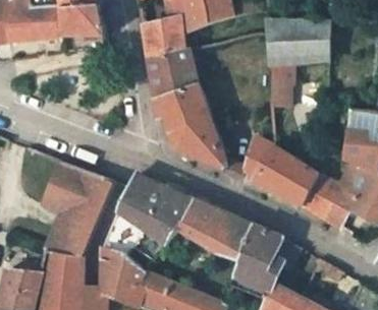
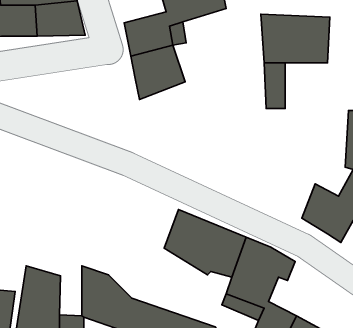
building: [155,81,228,169] -> none
building: [240,136,316,206] -> none
building: [42,161,114,259] -> none
building: [102,175,191,258] -> none

